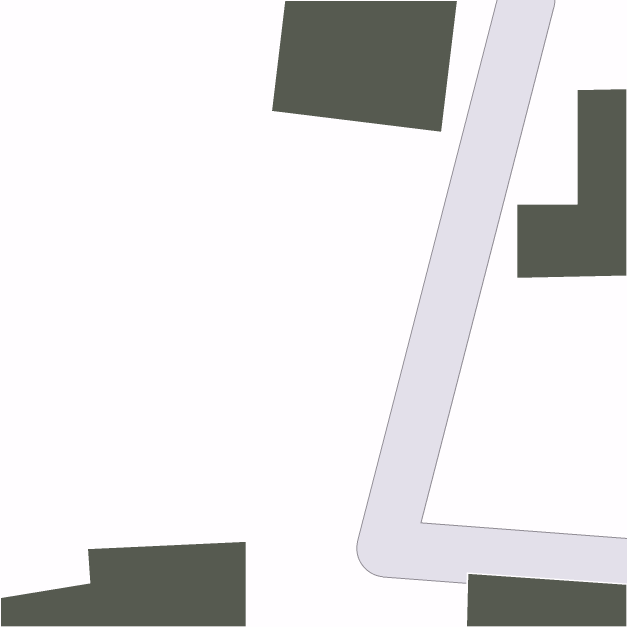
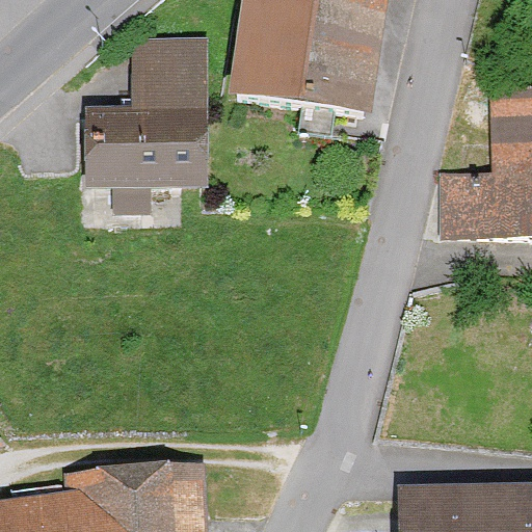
building: none -> [80,38,210,188]

